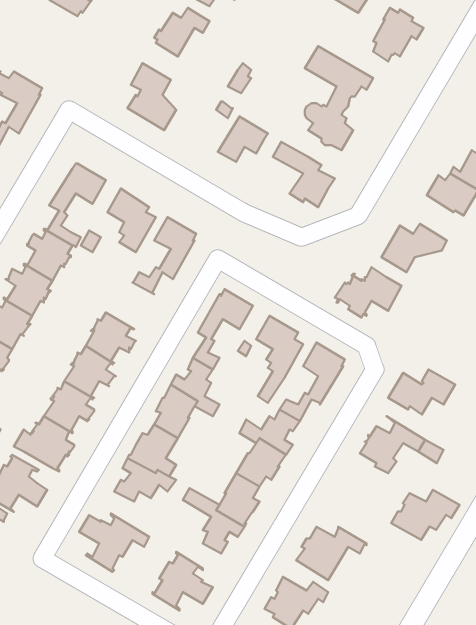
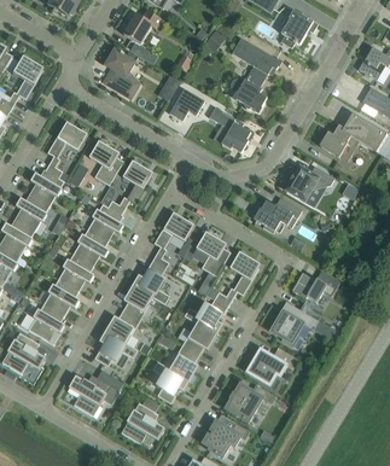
building: none -> [87,204,123,241]
building: [391,490,460,540] -> [246,348,296,384]

